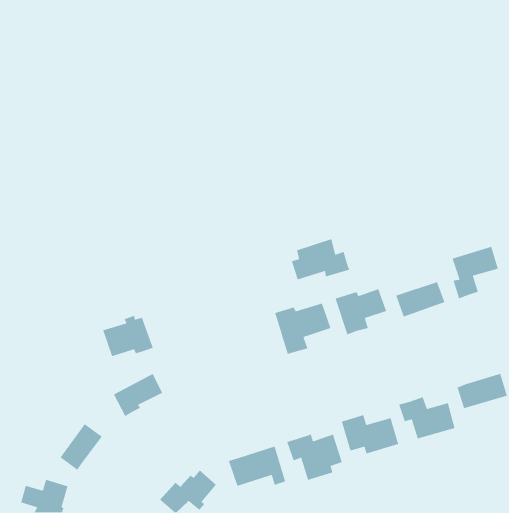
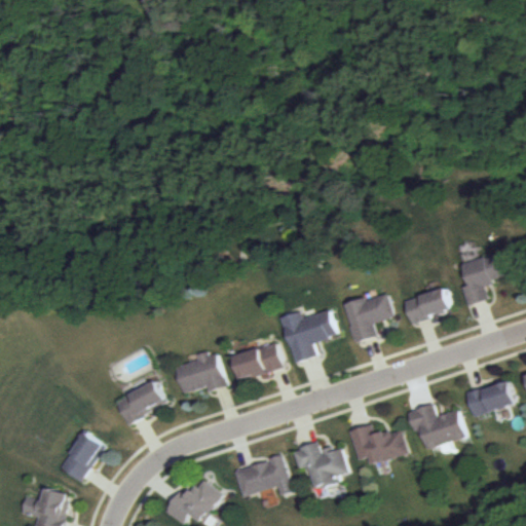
building: [291,238,350,280] -> none
building: [102,315,154,357] -> [174,350,226,393]
building: none -> [232,343,283,379]

